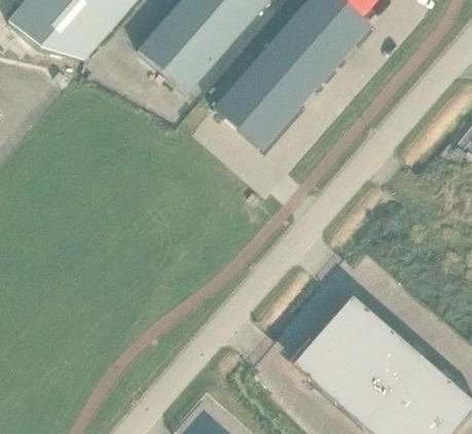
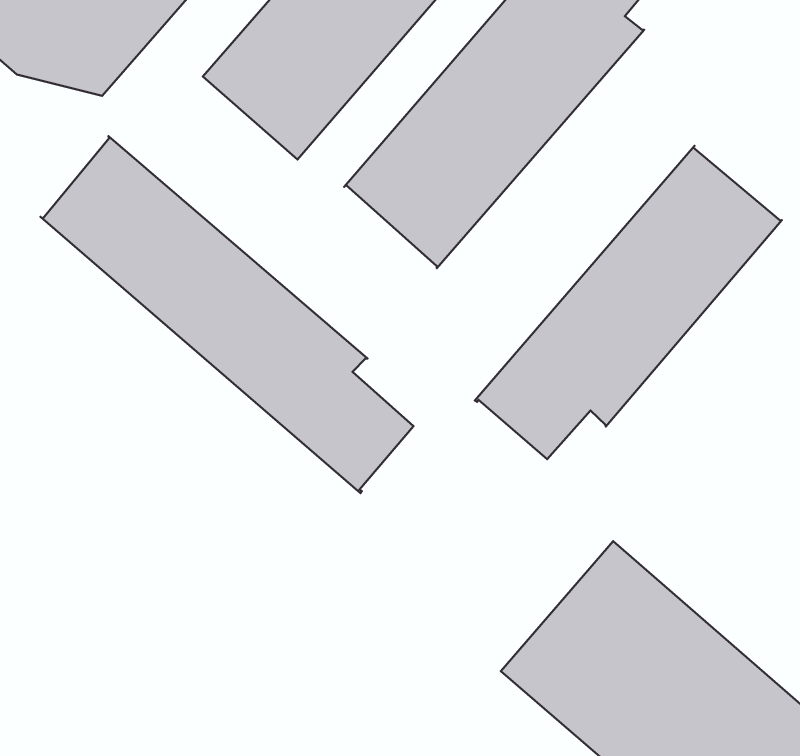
building: none -> [40,136,414,493]
building: none -> [475,146,782,459]

